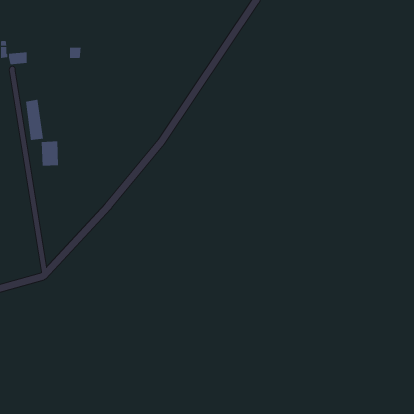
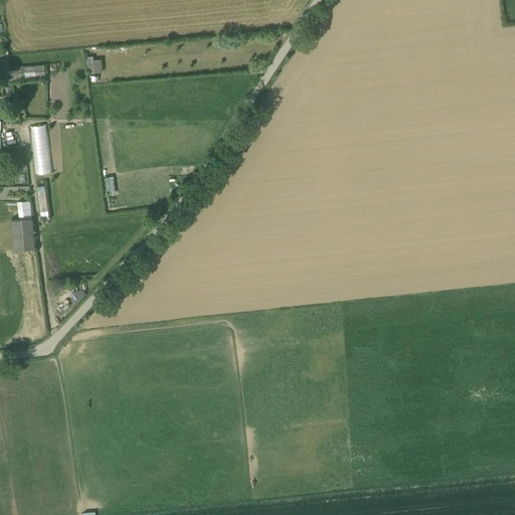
building: [41,141,59,166] -> [10,218,32,249]

